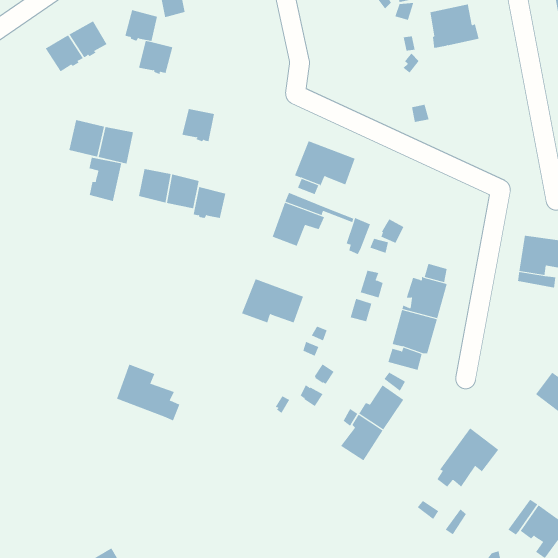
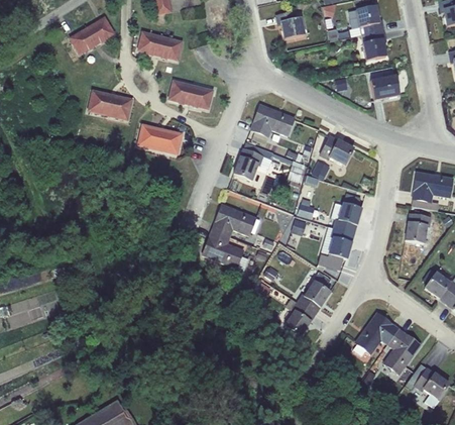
building: [124,9,158,42] -> [157,36,182,60]
building: none -> [276,10,305,39]
building: none -> [361,30,386,61]
building: none -> [370,76,400,100]
building: [89,157,122,202] -> none
building: none -> [320,136,353,166]
building: [193,187,226,219] -> [189,85,213,108]
building: none -> [405,214,432,243]
building: [116,364,180,421] -> [203,229,249,271]
building: none -> [382,328,421,375]

